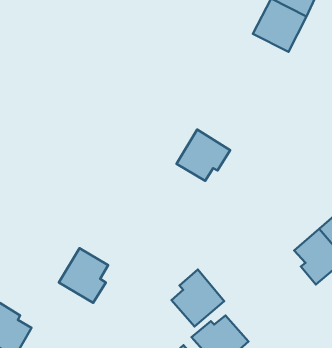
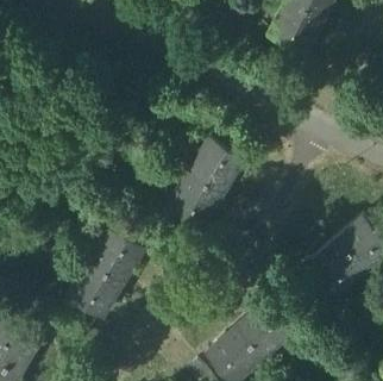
building: none -> [167,173,218,229]
building: none -> [87,226,144,279]
building: [172,269,224,326] -> [239,299,294,358]

